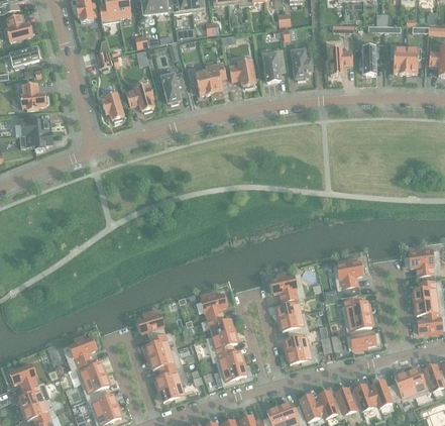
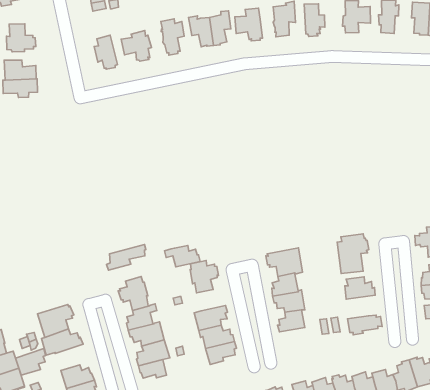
building: none -> [106,245,146,270]
building: [344,313,371,335] -> none
building: [201,316,234,336] -> [164,246,200,267]
building: [285,344,317,363] -> none
building: [81,372,108,398] -> [16,349,46,375]

